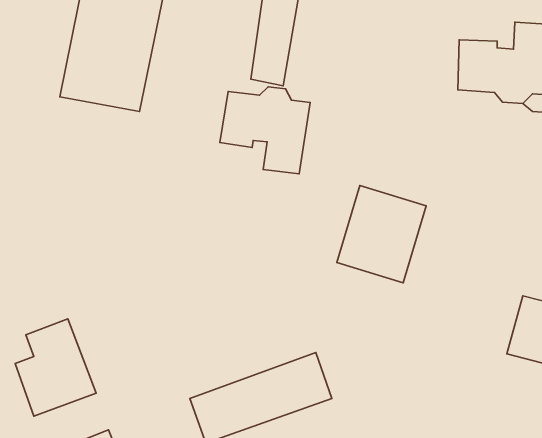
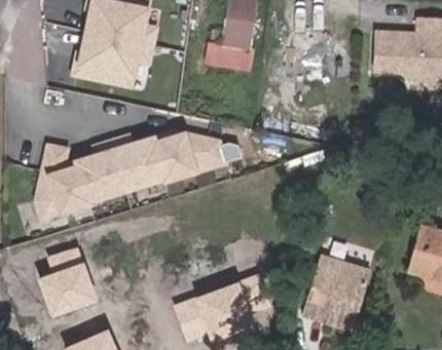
building: [220,87,310,174] -> none
building: none -> [39,135,227,220]
building: [337,185,426,283] -> [304,254,372,327]

